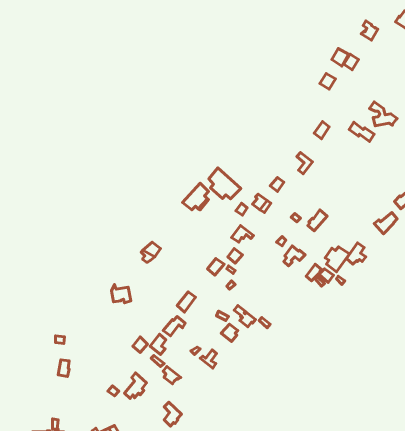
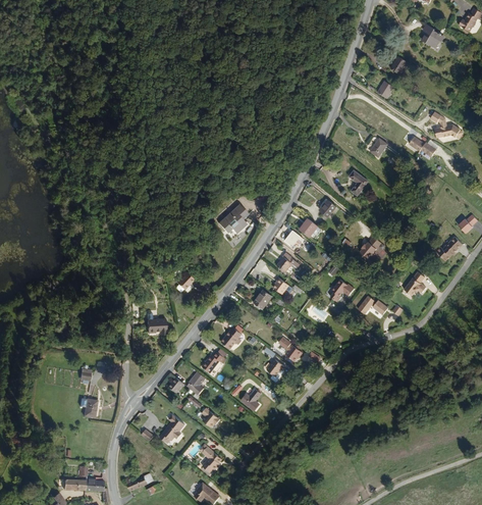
building: [209,168,241,199] -> none
building: [325,247,349,272] -> none

